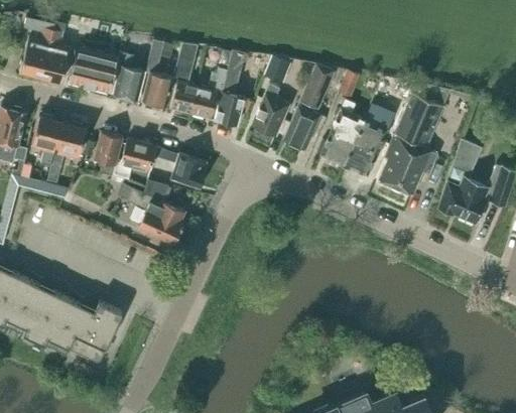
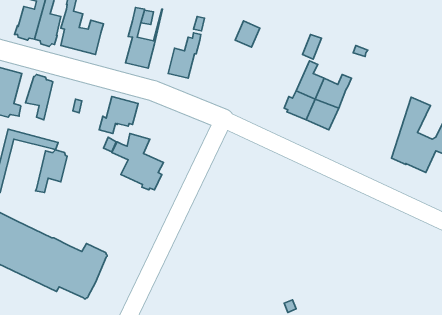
building: [170,42,198,114] -> none
building: [215,51,245,126] -> none
building: [114,53,145,101] -> none
building: [284,62,336,149] -> none
building: [379,83,444,195] -> none
building: [252,85,289,136] -> none
building: [50,122,86,169] -> [36,150,67,193]
building: [94,133,123,176] -> none
building: [164,151,207,189] -> none

